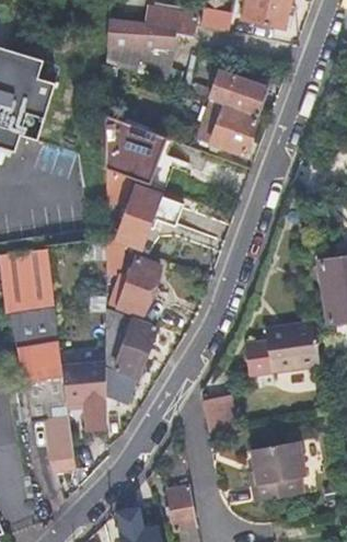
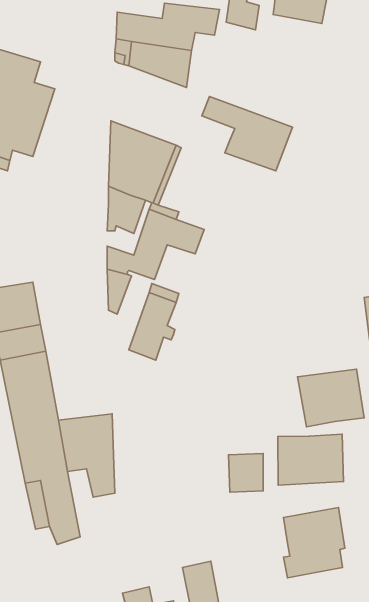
building: [212,71,269,116] -> none
building: [104,307,159,405] -> none
building: none -> [278,434,344,485]

